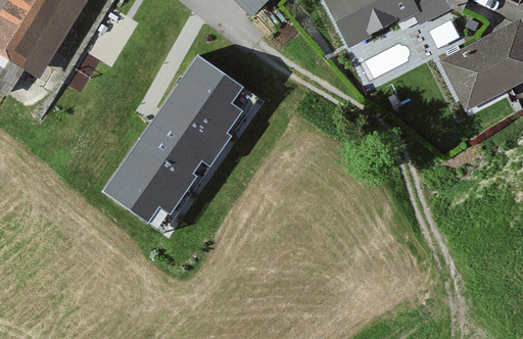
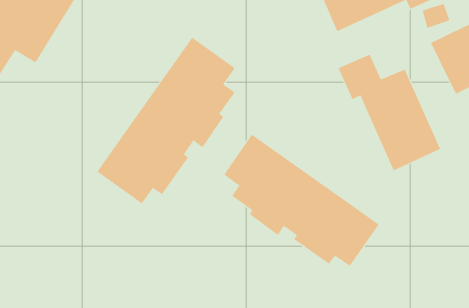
building: none -> [338,54,441,171]
building: none -> [223,134,380,267]

